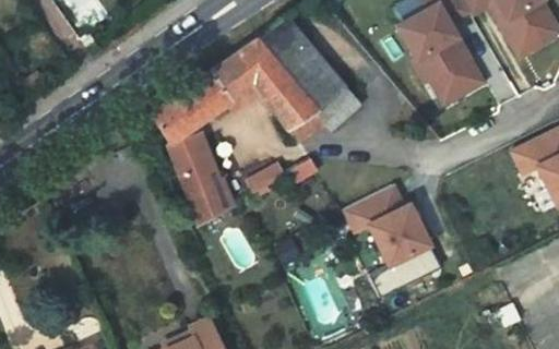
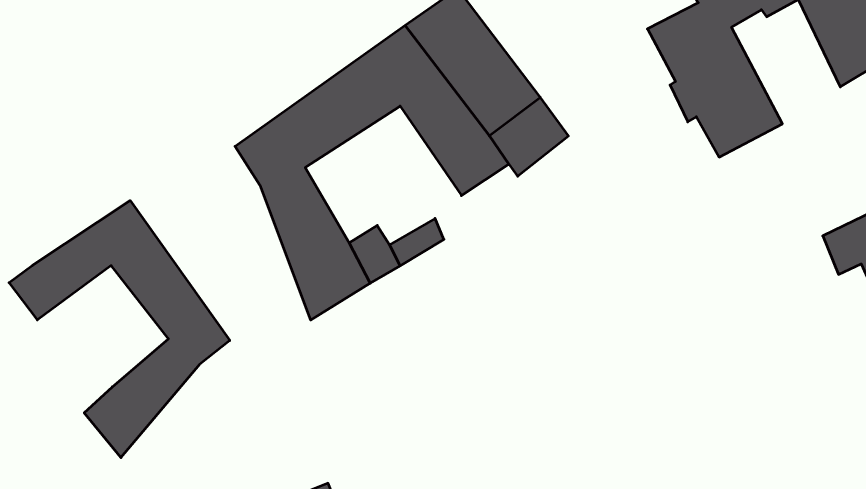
building: none -> [9,201,230,458]
building: [345,193,428,272] -> none

